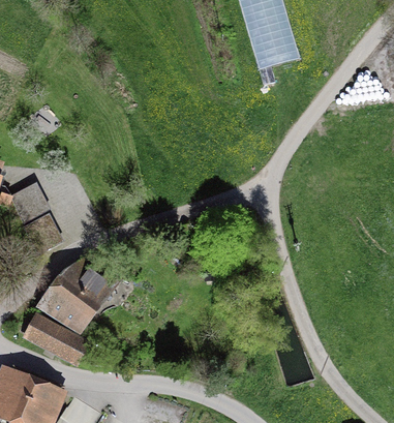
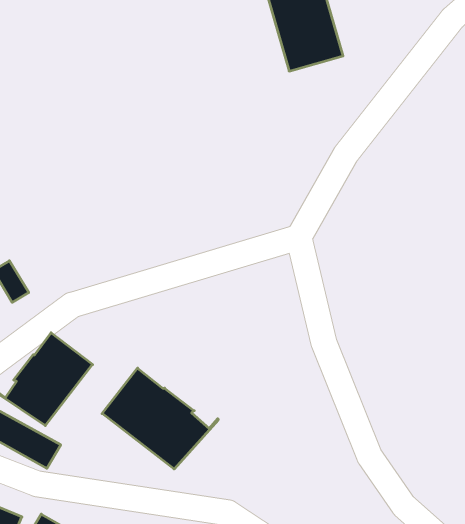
building: none -> [102,368,218,469]

